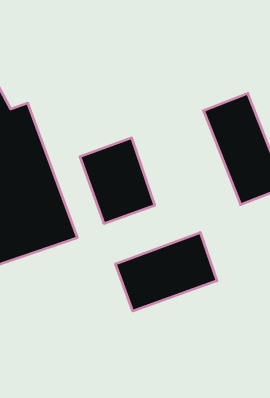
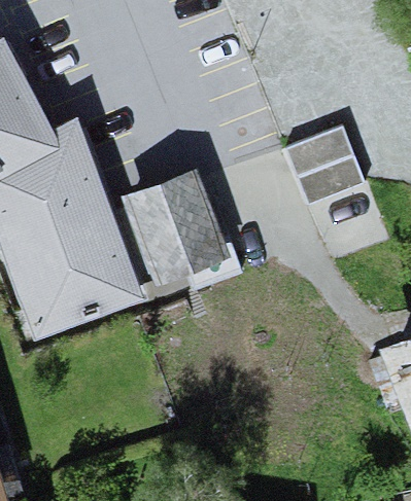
building: [116,232,217,311] -> none

